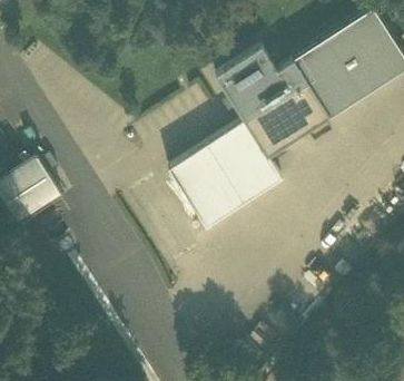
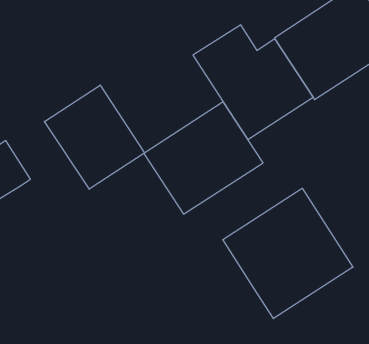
building: none -> [44,85,144,189]
building: none -> [223,188,353,319]

